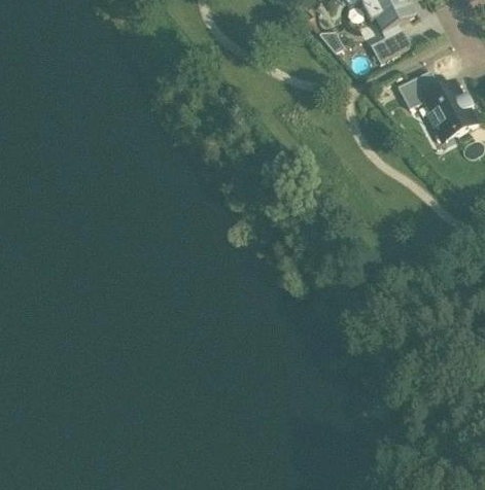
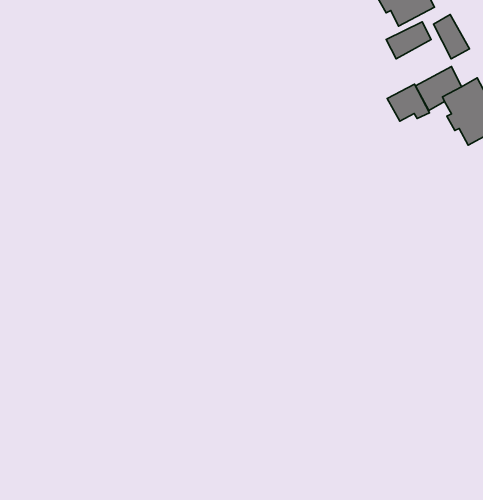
building: none -> [433,15,469,59]
building: none -> [387,84,430,121]

